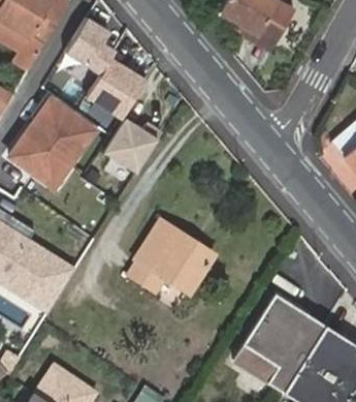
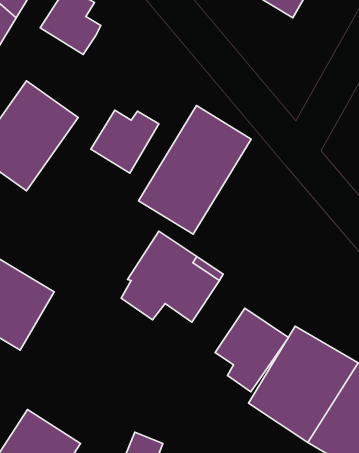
building: [86,59,144,118] -> none
building: none -> [138,106,251,234]
building: none -> [215,308,288,392]

